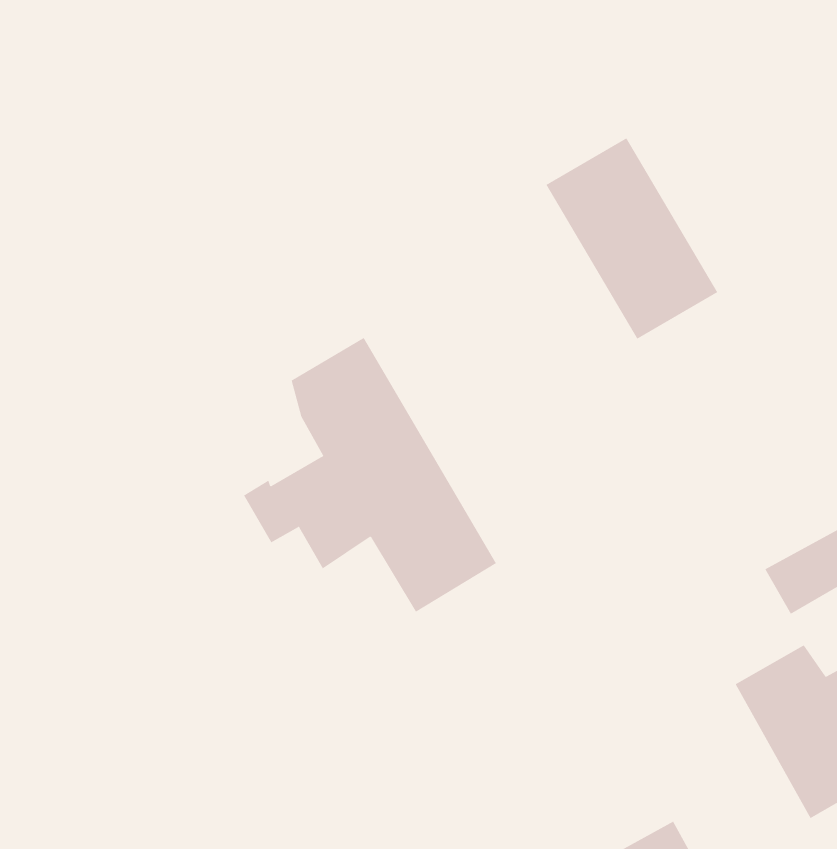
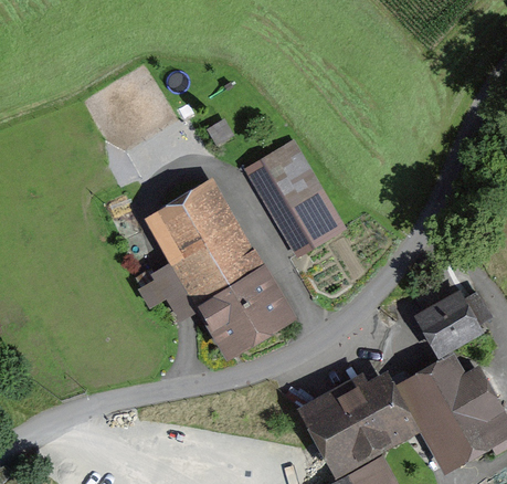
building: [546,137,718,340] -> [244,141,340,254]
building: none -> [308,386,406,462]

